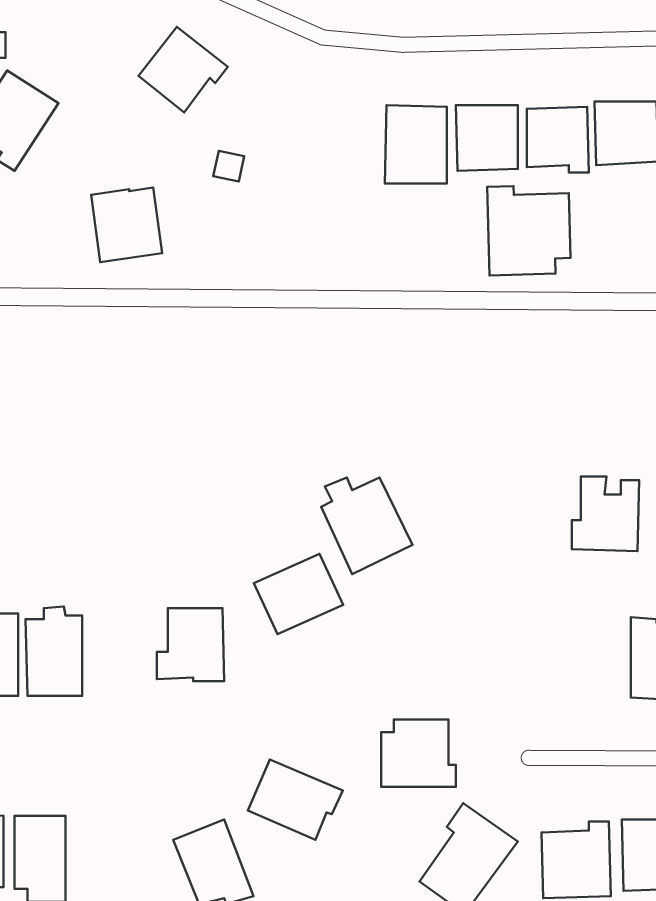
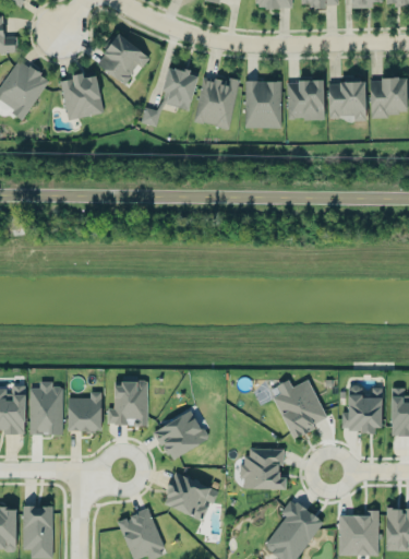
building: none -> [161,67,199,109]
building: none -> [194,75,239,128]
building: [487,186,571,275] -> none
building: [91,187,162,262] -> [61,74,104,119]
building: [572,476,639,551] -> [342,385,383,430]
building: [321,478,412,574] -> [274,379,328,437]
building: [254,554,343,634] -> [155,411,208,459]
building: none -> [68,391,101,430]

